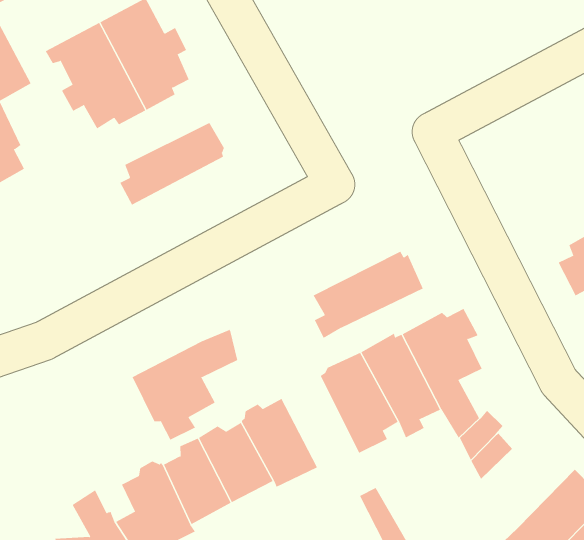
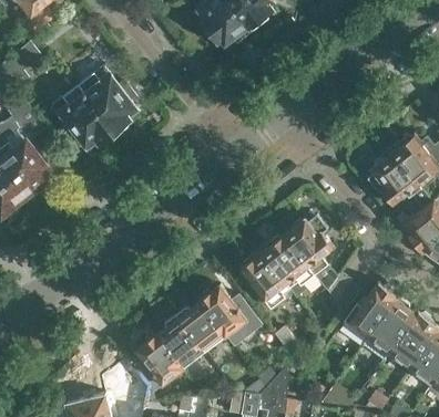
building: [119,122,224,205] -> none
building: [313,251,423,339] -> none
building: [132,328,238,440] -> none
building: none -> [345,284,397,337]

